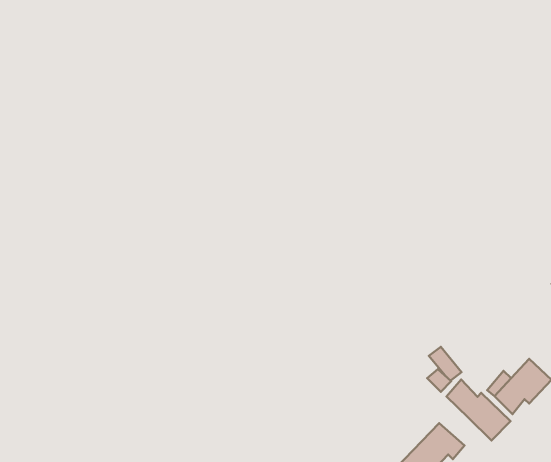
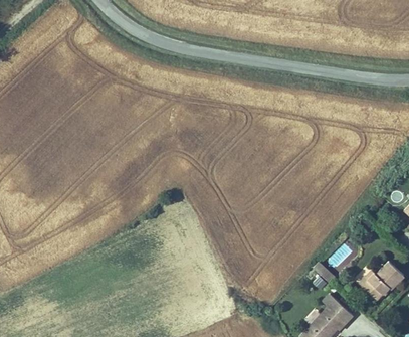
building: [447,380,510,440] -> none

